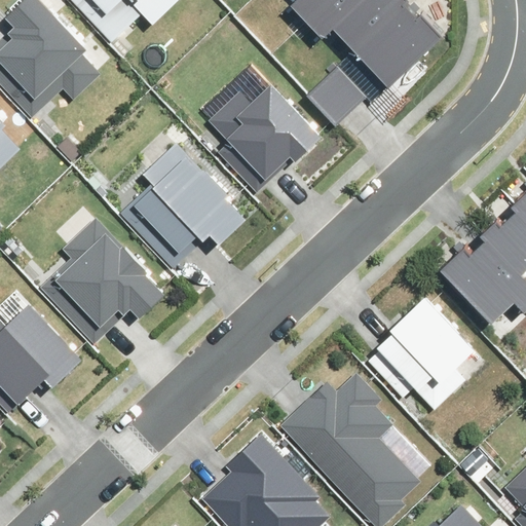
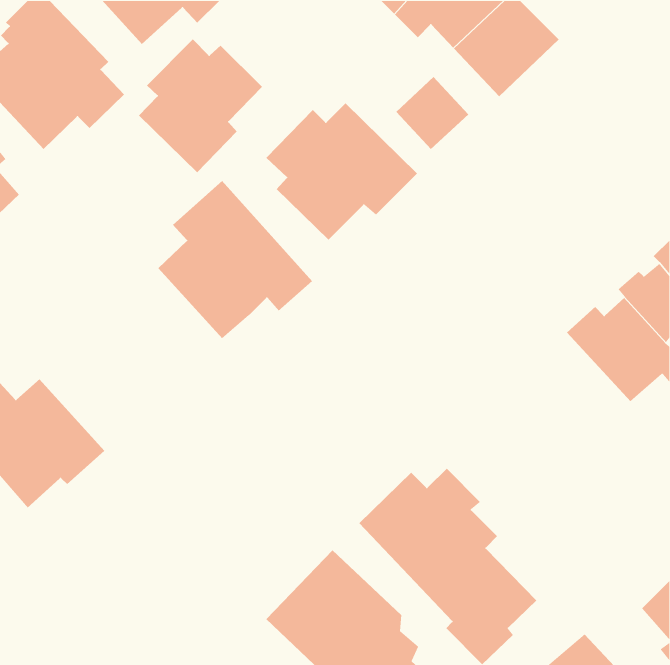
building: none -> [138,38,263,173]
building: [41,223,166,348] -> none
building: [369,292,477,407] -> none

